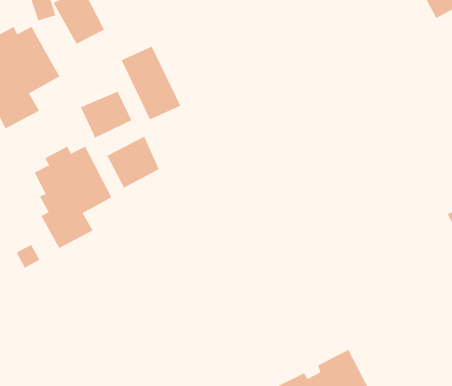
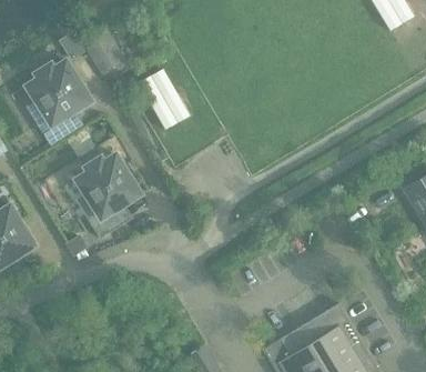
building: [80,91,132,139] -> none
building: [106,136,160,188] -> none

